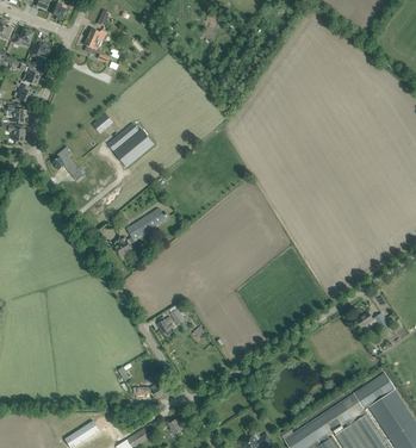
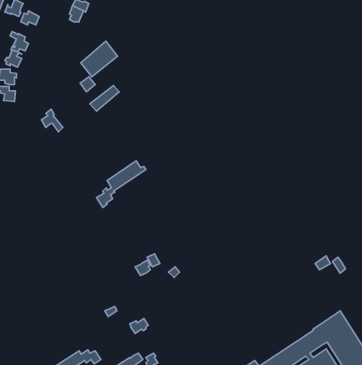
building: [114,127,155,167] -> [81,41,118,77]

